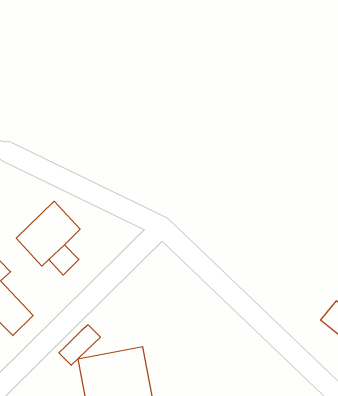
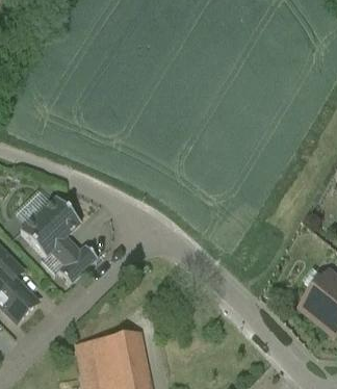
building: [59,325,100,365] -> [57,244,96,282]

